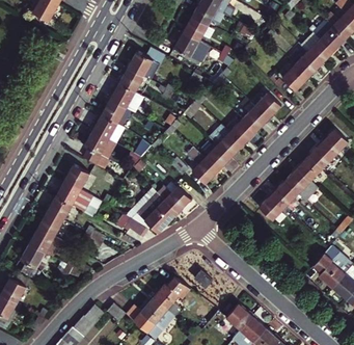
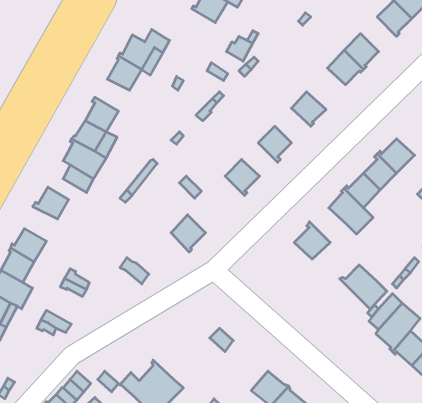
building: [173,31,206,61] -> none
building: [301,31,334,63] -> none
building: [108,84,141,111] -> none
building: [242,100,270,132] -> none
building: [213,127,245,157] -> none
building: [192,151,220,183] -> none
building: [55,180,92,212] -> none
building: [269,181,304,214] -> [340,265,387,309]
building: [136,192,179,234] -> none
building: [152,276,191,316] -> none

